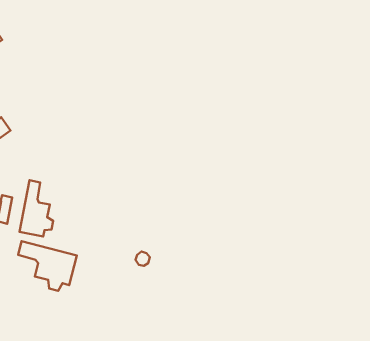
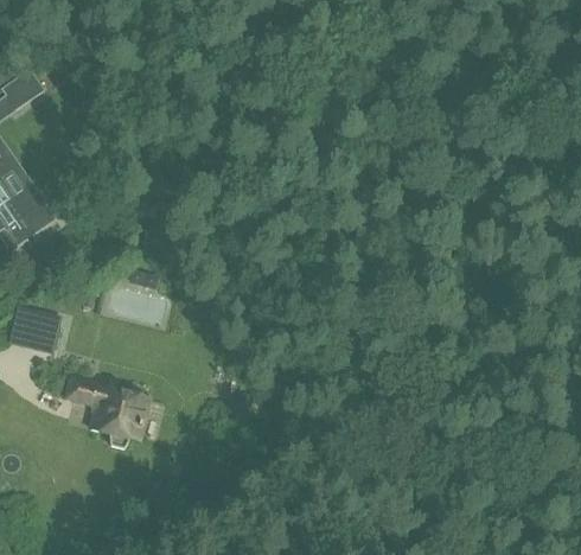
building: [19,180,53,237] -> none

